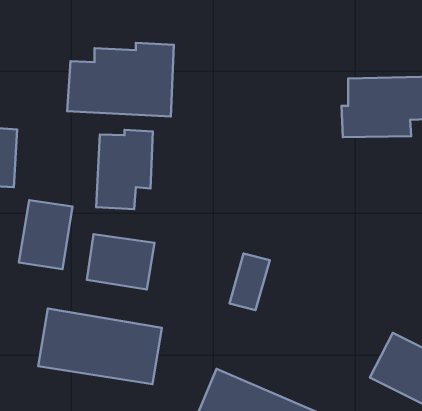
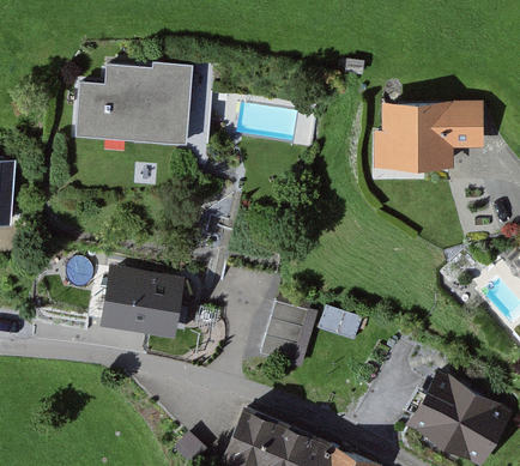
building: [96,130,153,209] -> none
building: [19,200,73,269] -> none
building: [38,309,162,384] -> none

